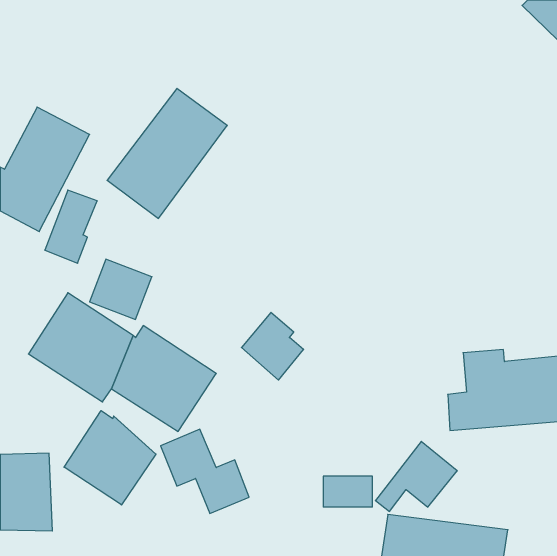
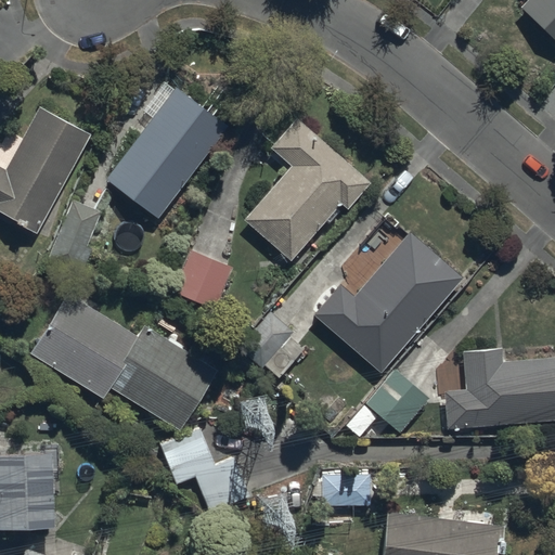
building: none -> [244,118,371,260]
building: none -> [313,232,462,371]
building: [90,259,152,319] -> [169,250,231,310]
building: [64,411,156,505] -> none
building: [375,441,457,511] -> [347,369,428,438]

